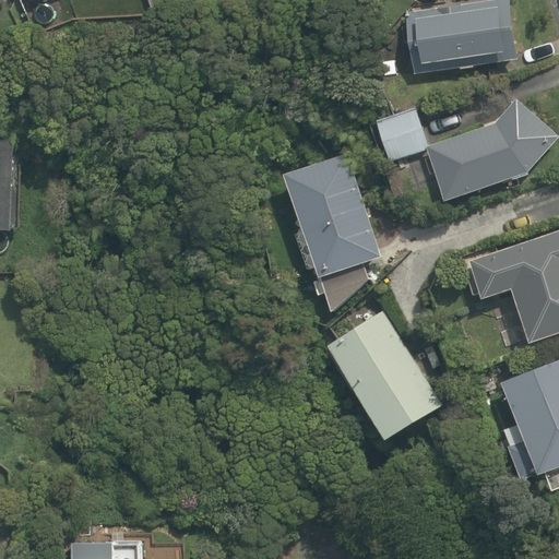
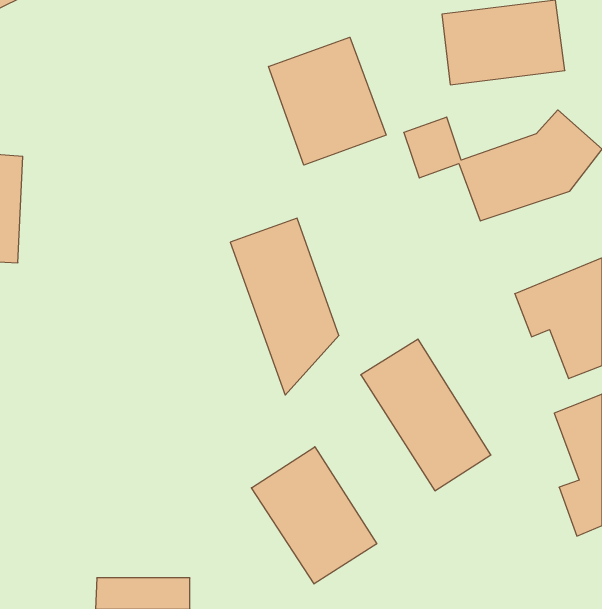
building: none -> [269,37,386,165]
building: [284,154,383,316] -> [230,218,339,395]
building: none -> [251,447,377,584]

